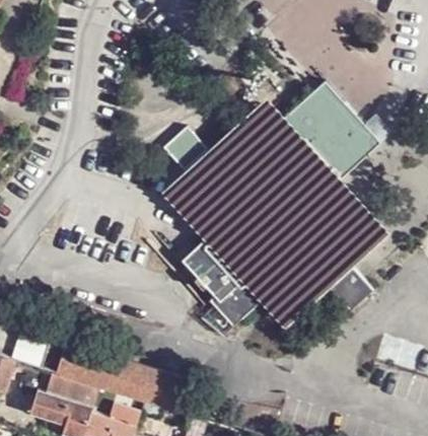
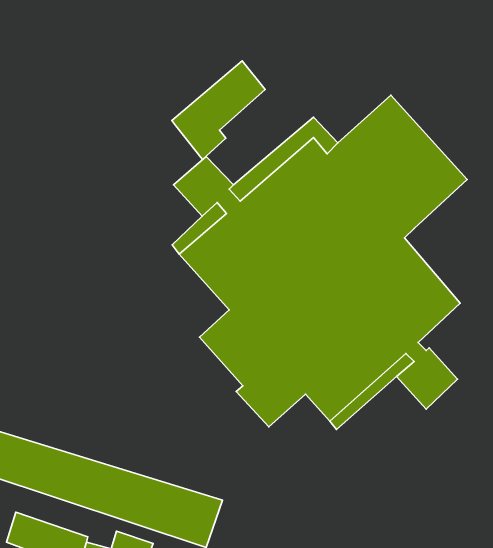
building: none -> [172,61,265,160]
building: [330,179,385,271] -> none

